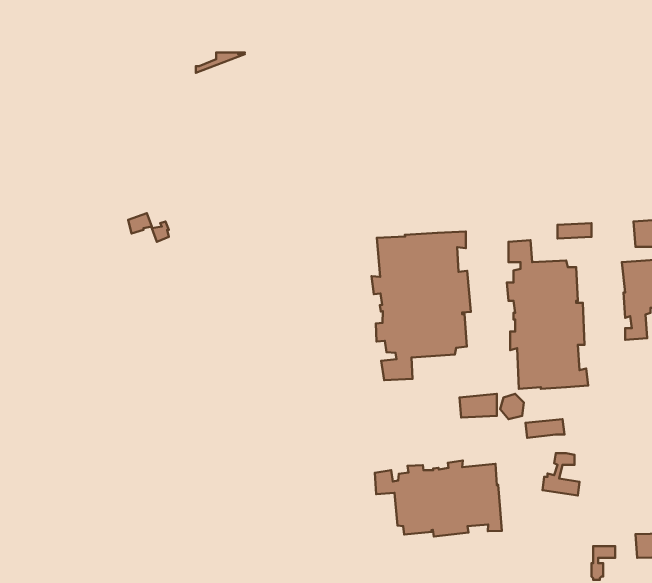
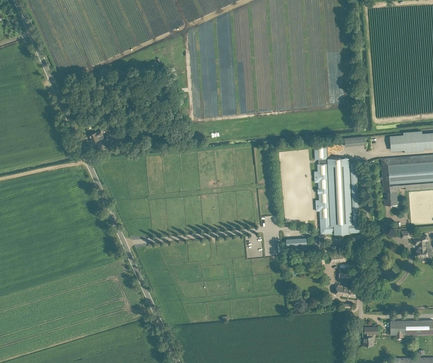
building: [371,232,471,380] -> none
building: [375,461,502,536] -> none

